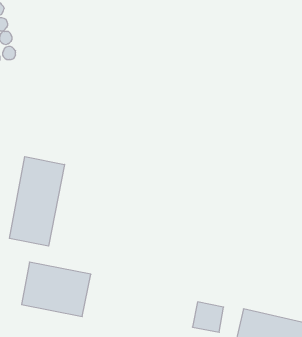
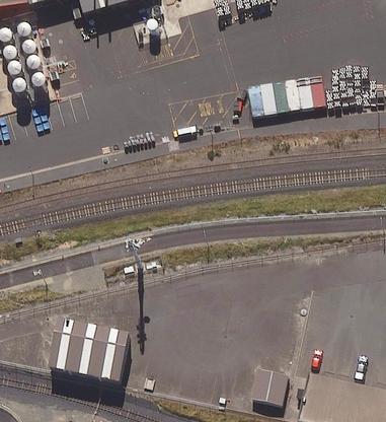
building: [9,157,65,246] -> none

